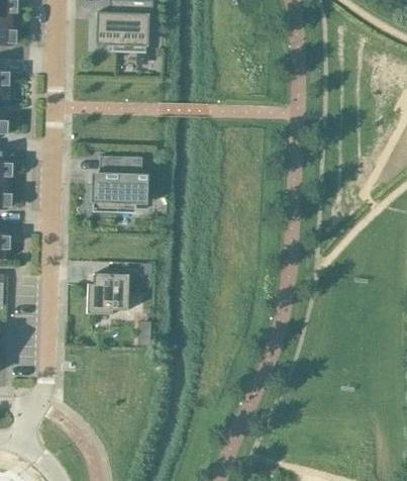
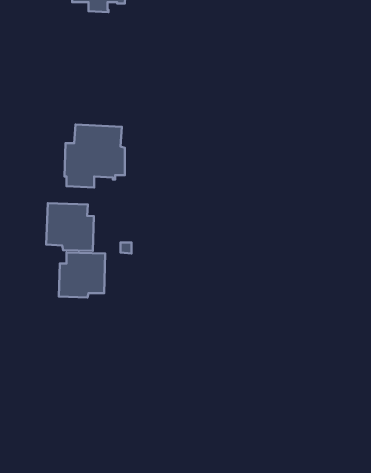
building: none -> [46,203,94,251]

